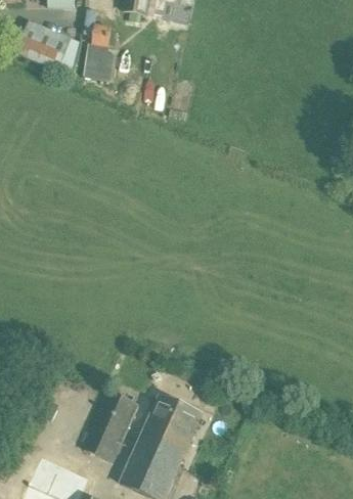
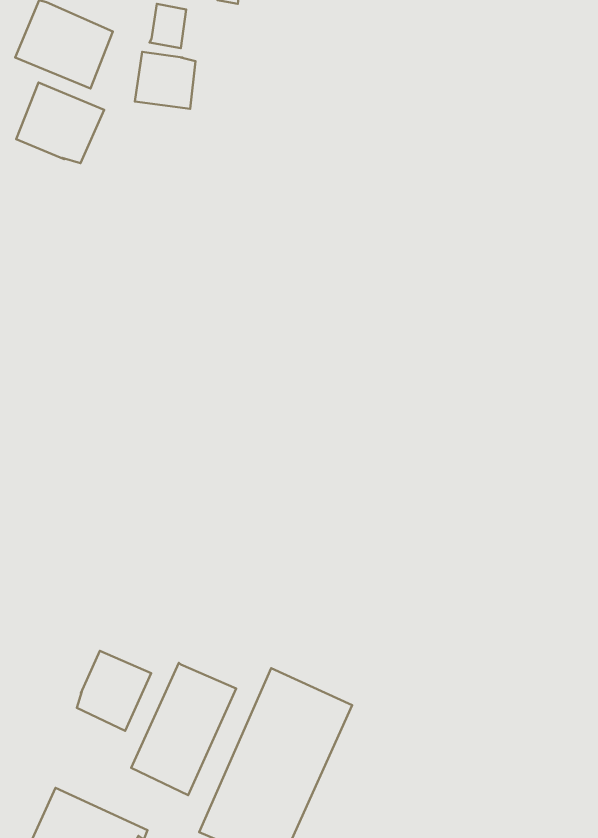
building: none -> [16,83,104,163]
building: none -> [77,651,151,731]

